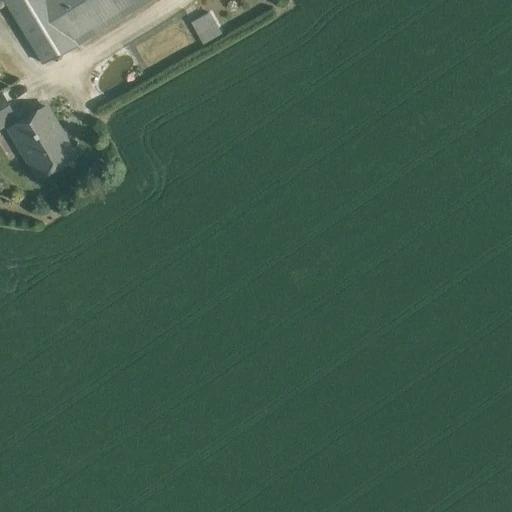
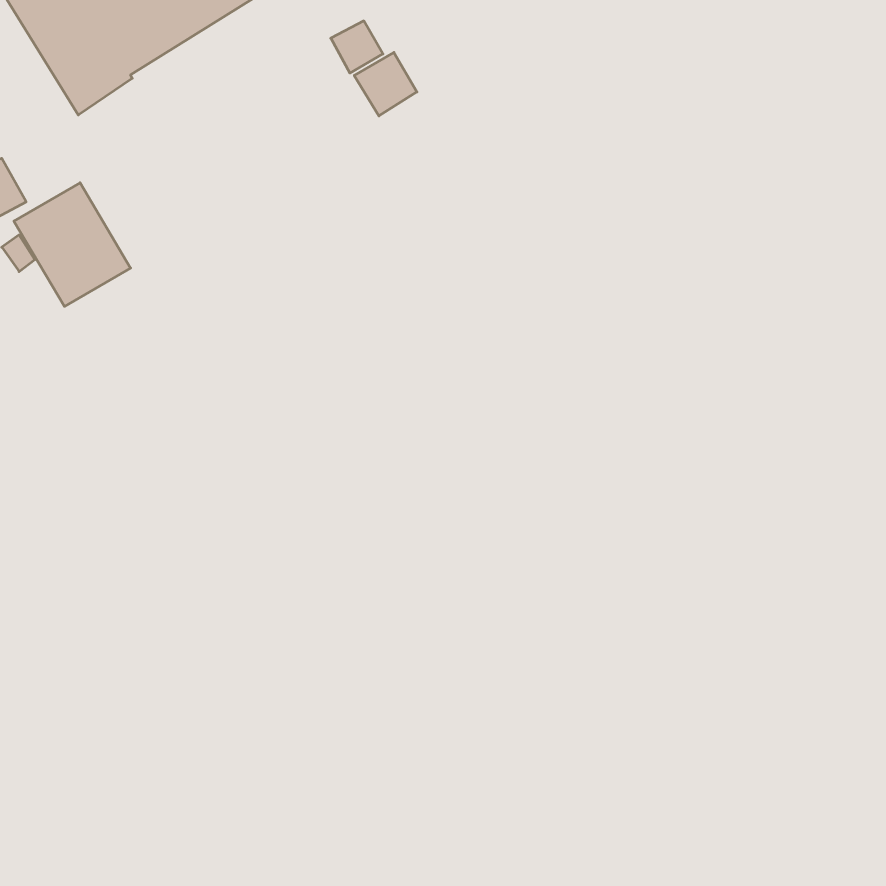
building: none -> [354,52,417,116]

